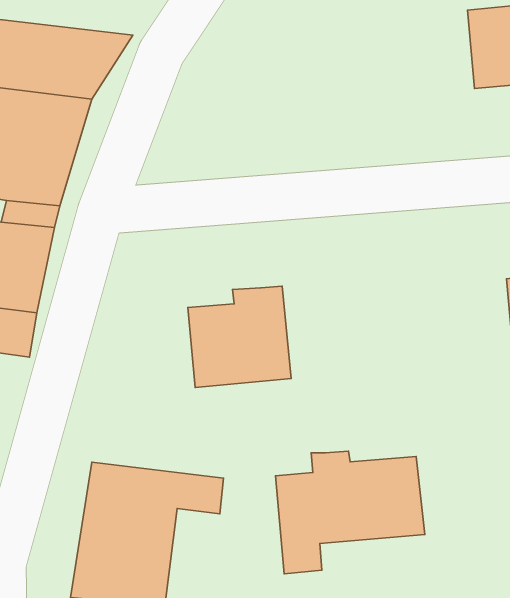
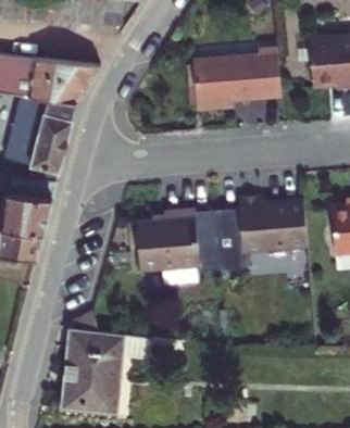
building: none -> [189,52,279,116]
building: [275,451,425,574] -> [215,198,307,273]

